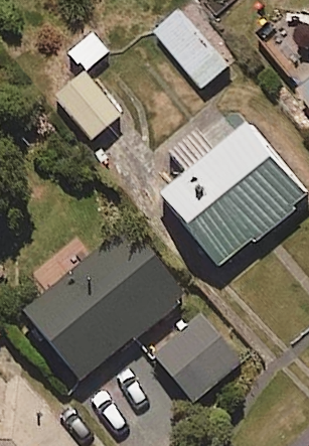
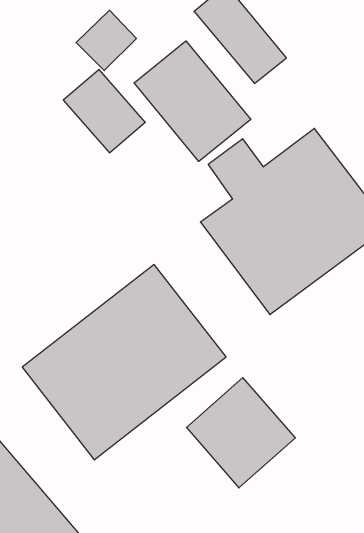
building: none -> [134,41,251,161]

